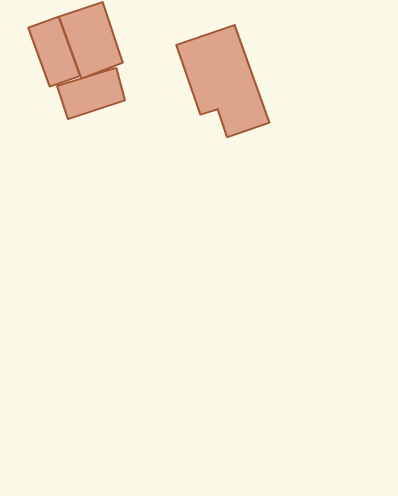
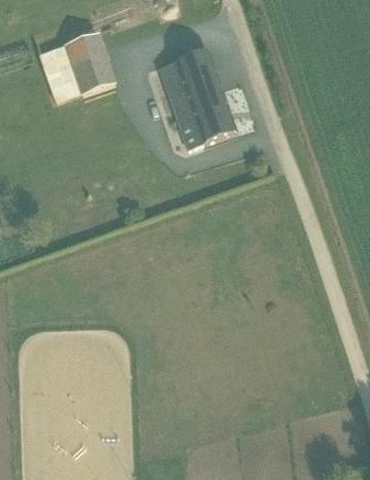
building: [57,68,125,119] -> none

